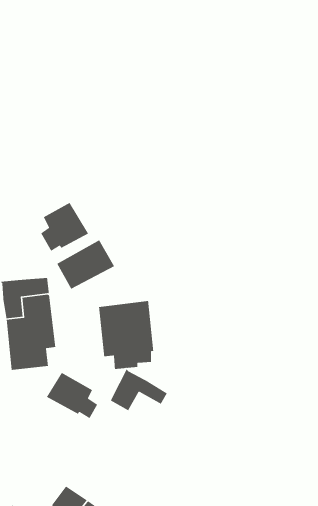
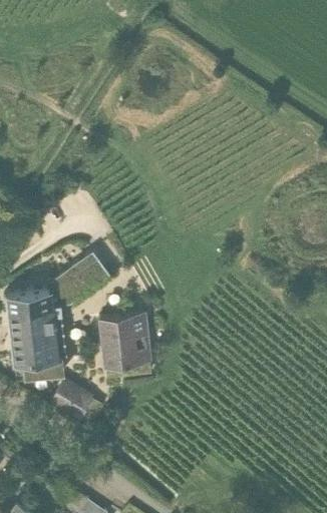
building: [40,202,89,252] -> none
building: [110,369,168,412] -> none

